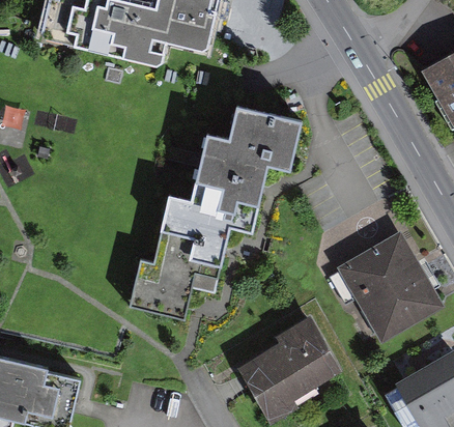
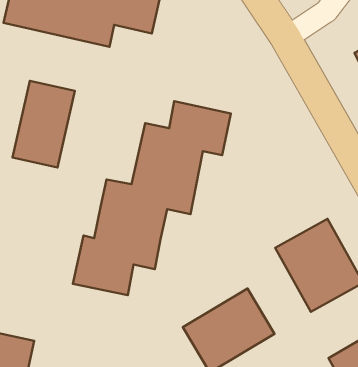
building: none -> [12,81,75,168]

